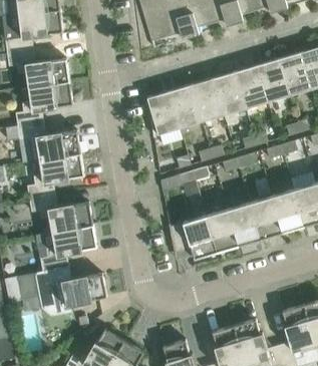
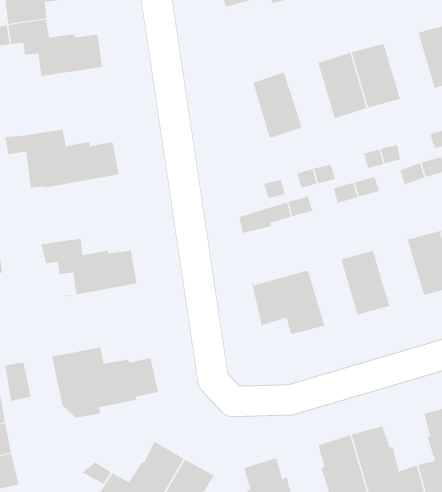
building: [256,58,289,102] -> none
building: [190,78,223,121] -> none
building: [15,81,72,126] -> none
building: [146,91,180,137] -> none
building: [26,152,83,199] -> none
building: [249,196,282,240] -> none
building: [206,209,238,253] -> none
building: [39,225,96,272] -> none

